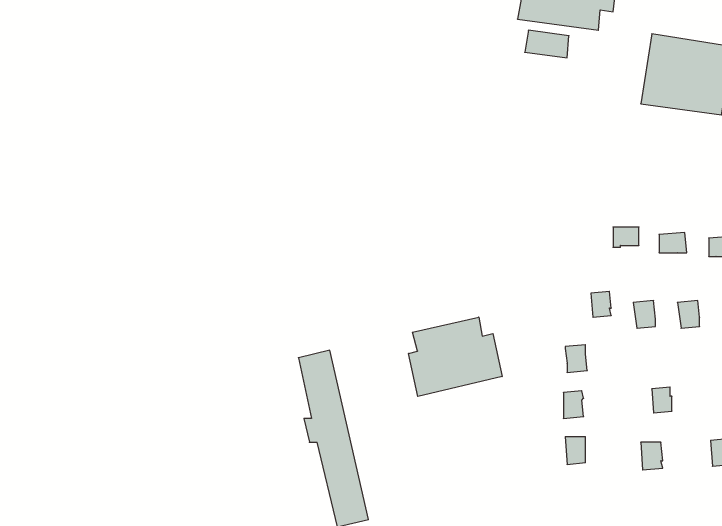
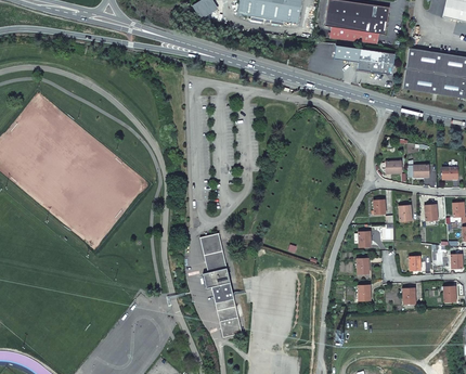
building: none -> [358,49,394,75]
building: [409,317,502,396] -> none

